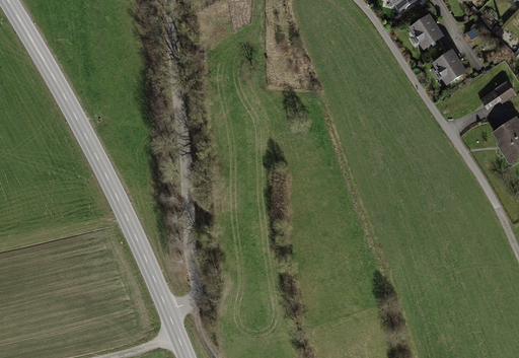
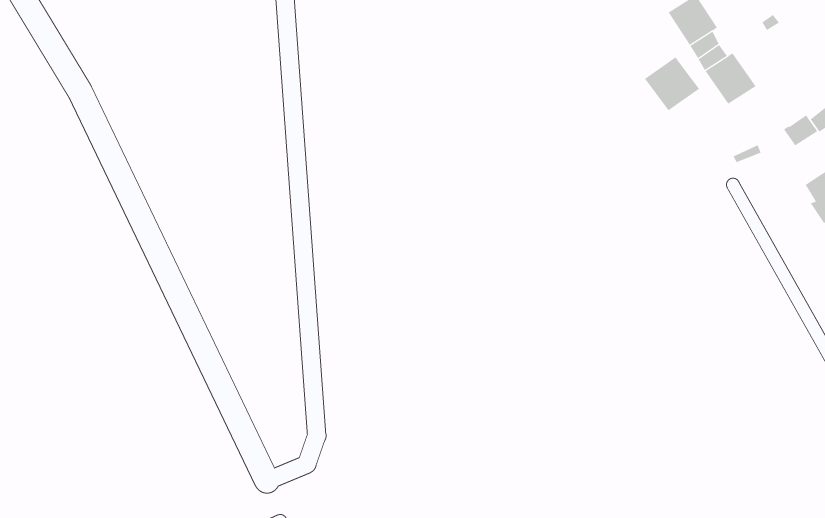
building: none -> [644,56,700,111]

